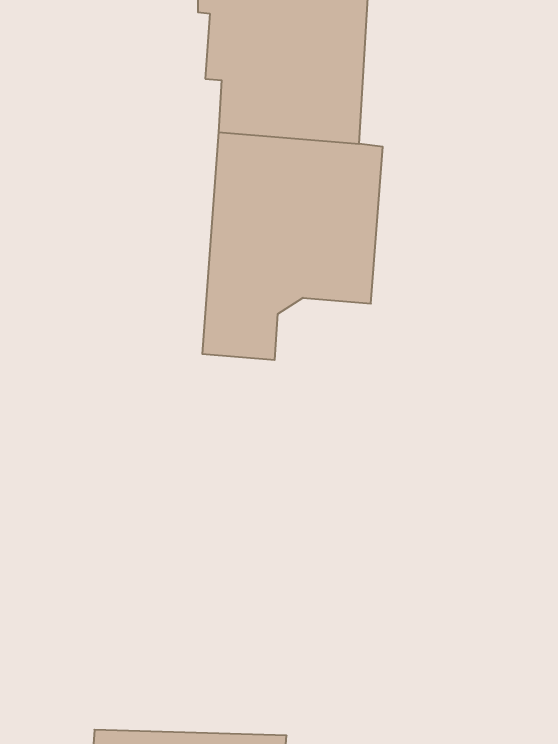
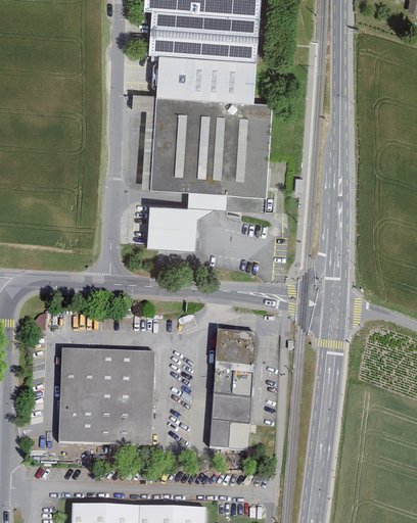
building: none -> [211,331,256,448]
building: none -> [60,349,153,443]

